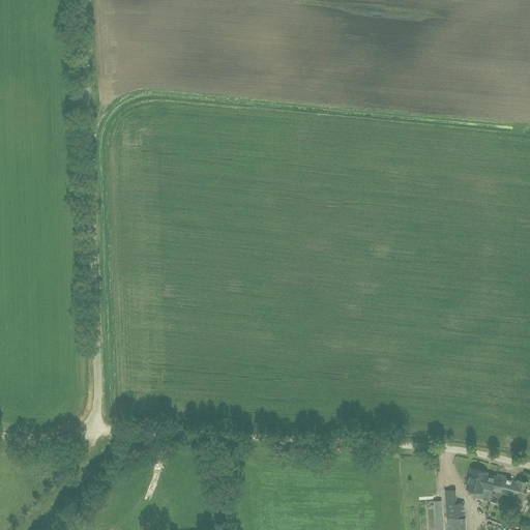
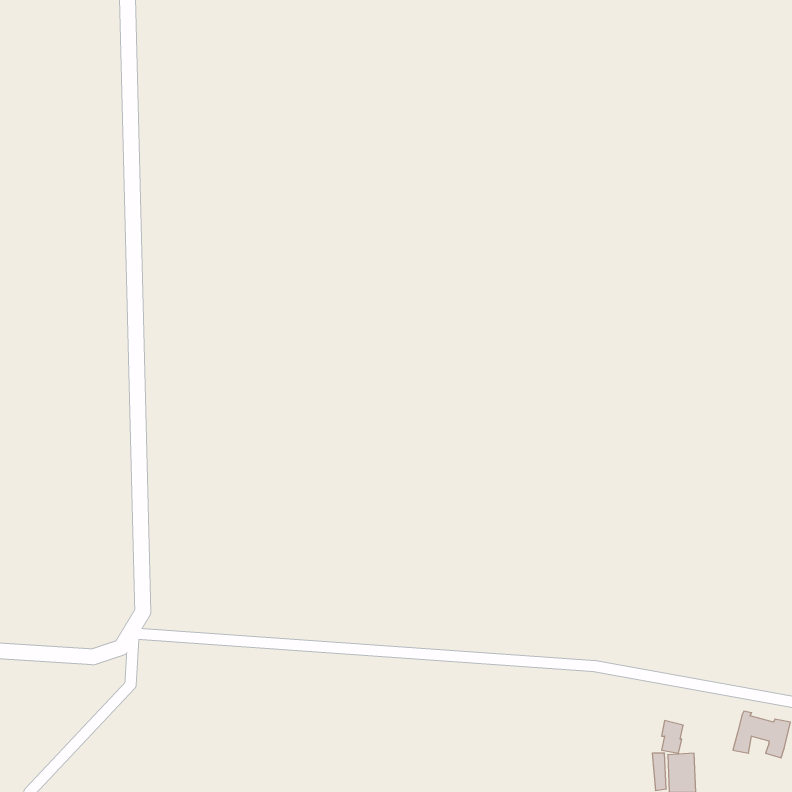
building: [466,468,495,492] -> none

